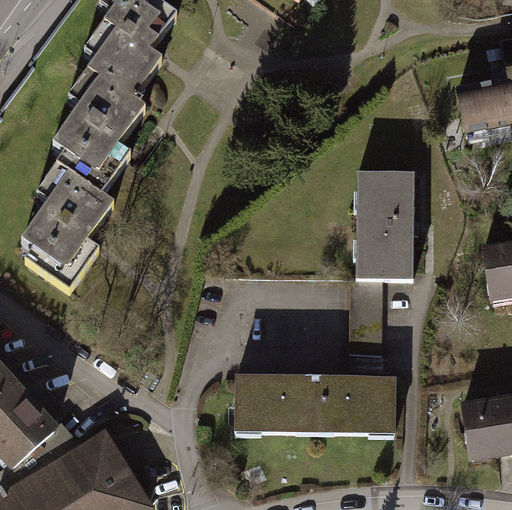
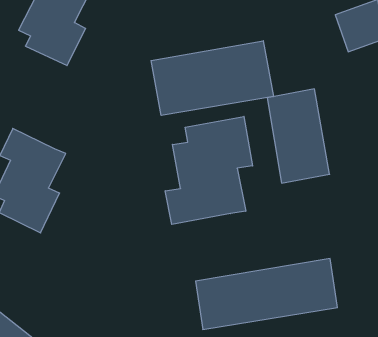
building: [51,66,144,192] -> none
building: none -> [151,41,274,115]
building: none -> [165,116,253,224]

